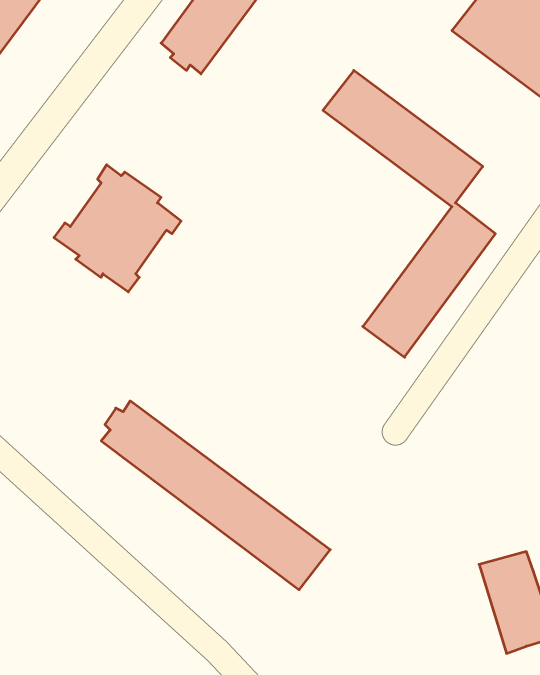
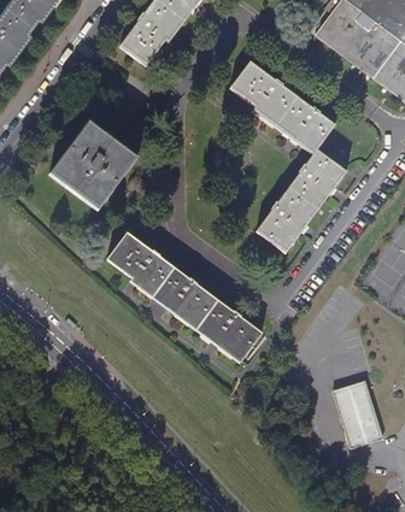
building: [101,401,330,590] -> [111,235,263,360]

